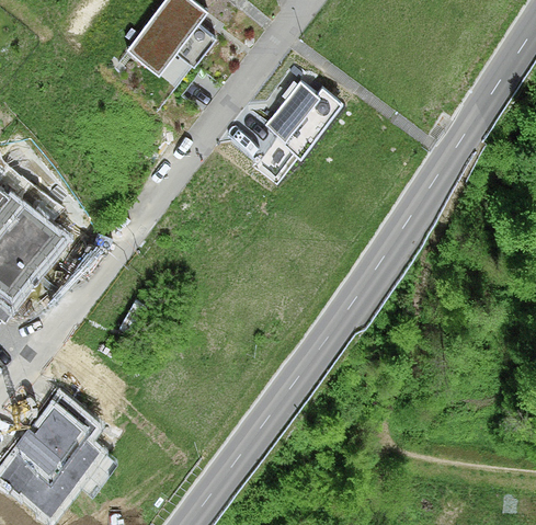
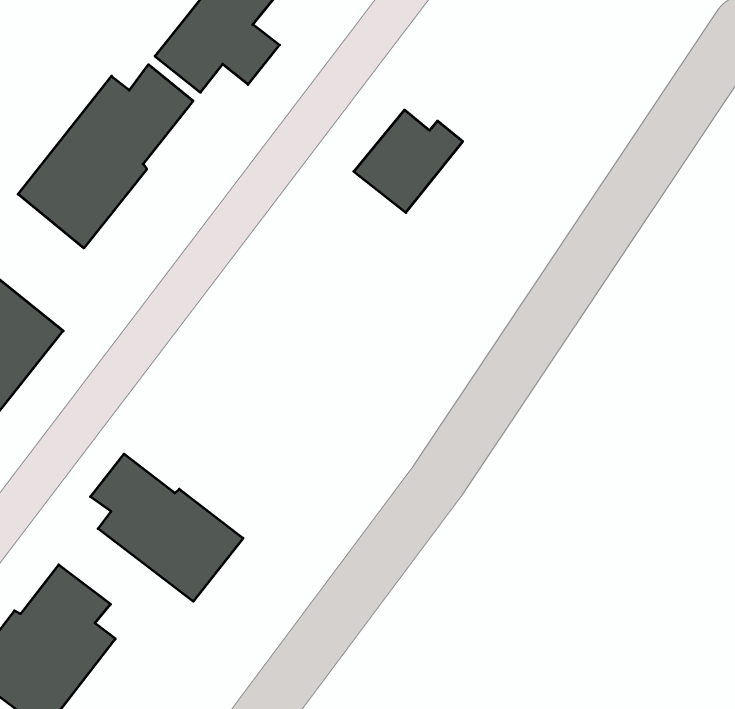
building: none -> [18,65,193,248]
building: none -> [90,454,243,601]

